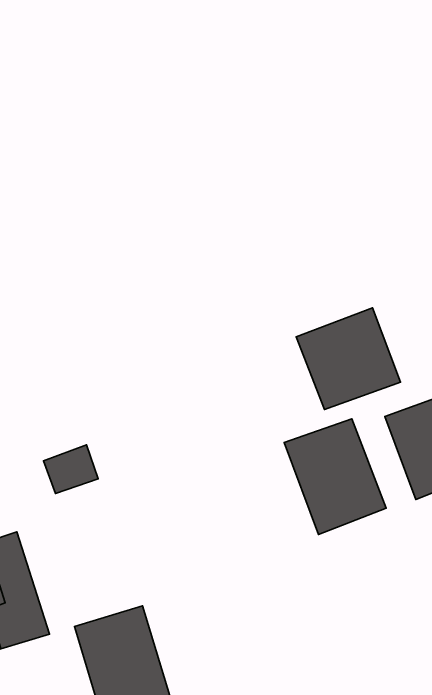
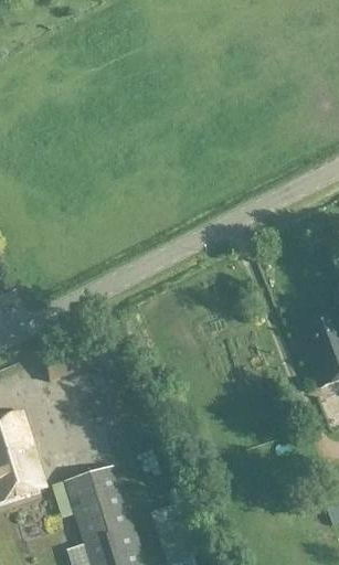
building: [296,308,401,409] -> none
building: [284,419,386,534] -> none

